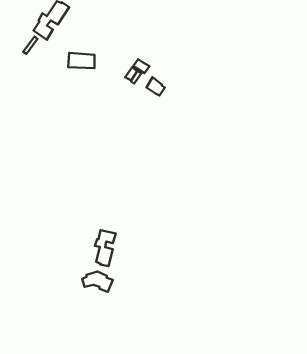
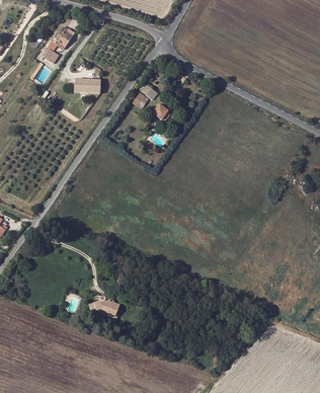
building: [95,230,116,266] -> none

